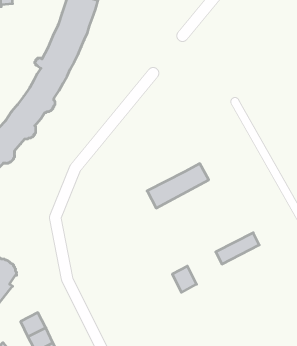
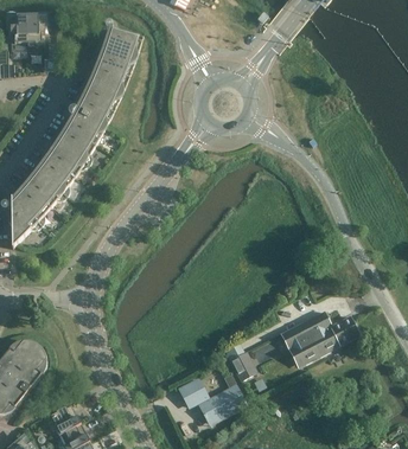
building: [147,164,209,208] -> [286,315,358,367]
building: none -> [178,378,244,422]

